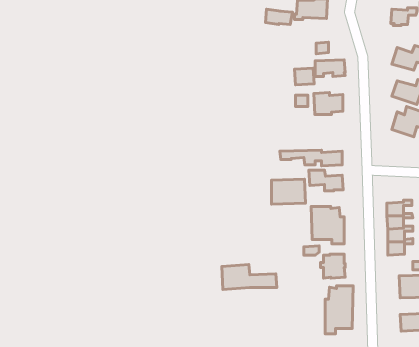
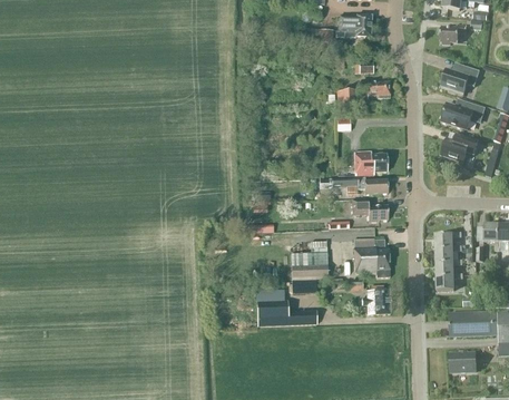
building: [314,93,343,114] -> [354,150,385,174]
building: [271,179,306,204] -> [291,252,327,279]
building: [325,286,353,334] -> none

